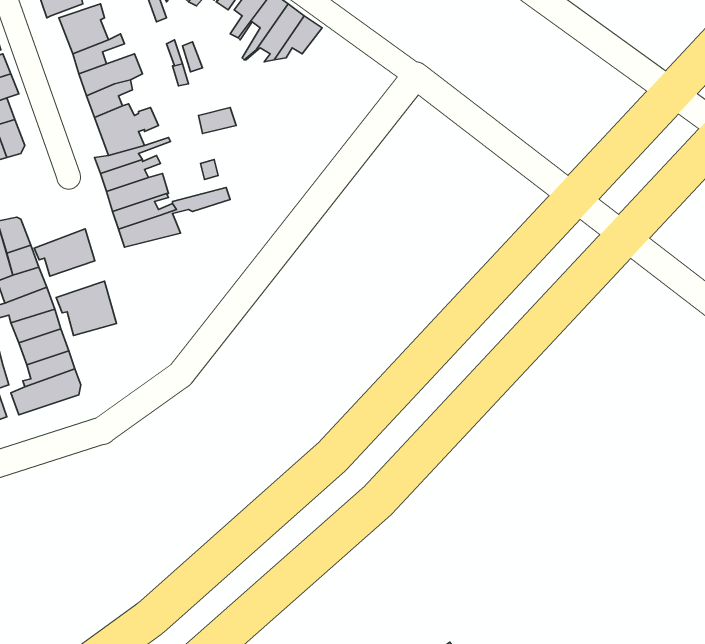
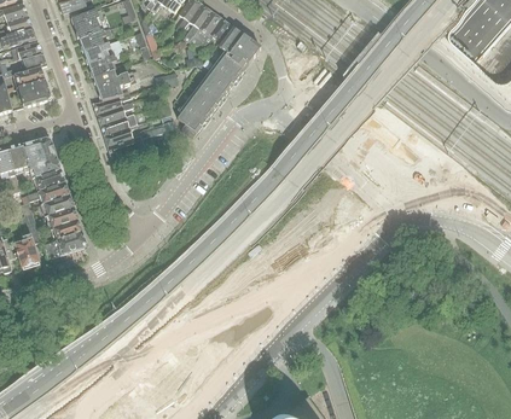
building: none -> [178,25,261,135]
building: [34,229,95,276] -> none
building: [56,281,116,336] -> none

